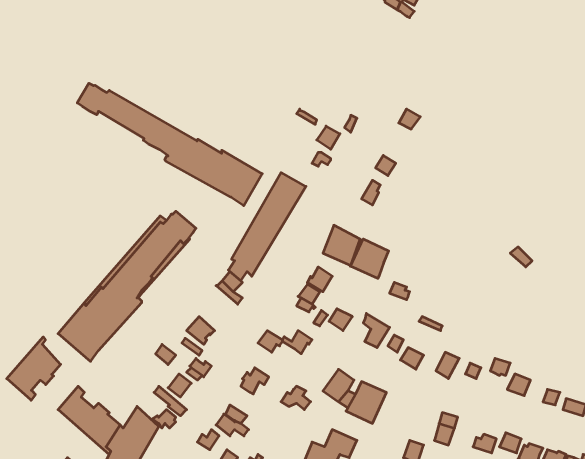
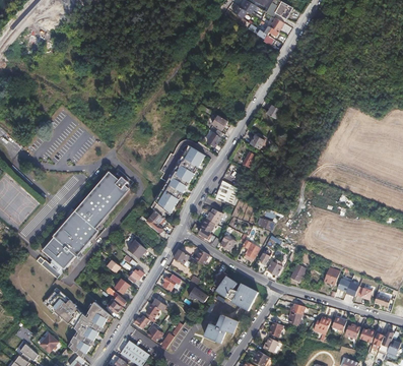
building: [77,83,262,206] -> none
building: [350,239,389,278] -> none
building: [7,337,61,400] -> none

